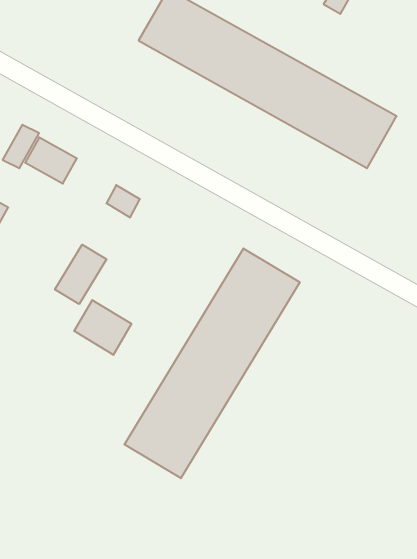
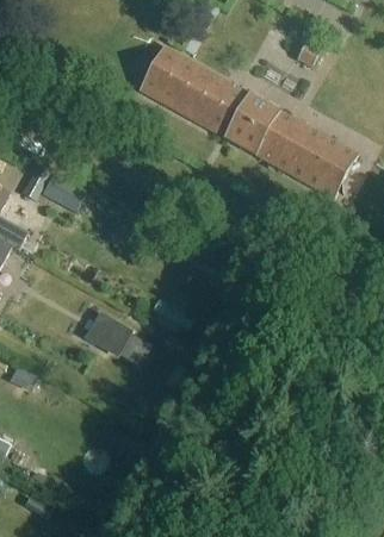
building: [55,245,106,304] -> none
building: [124,248,300,478] -> none

